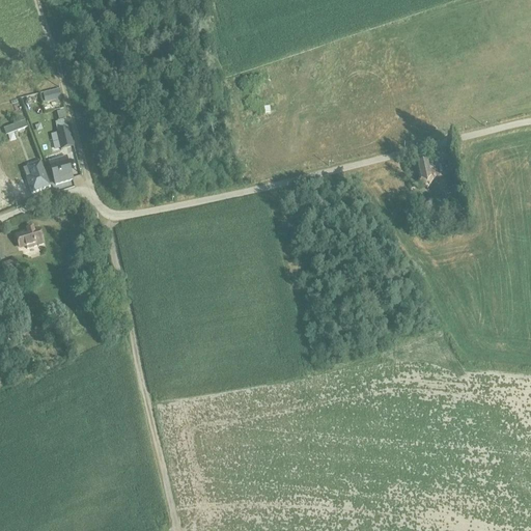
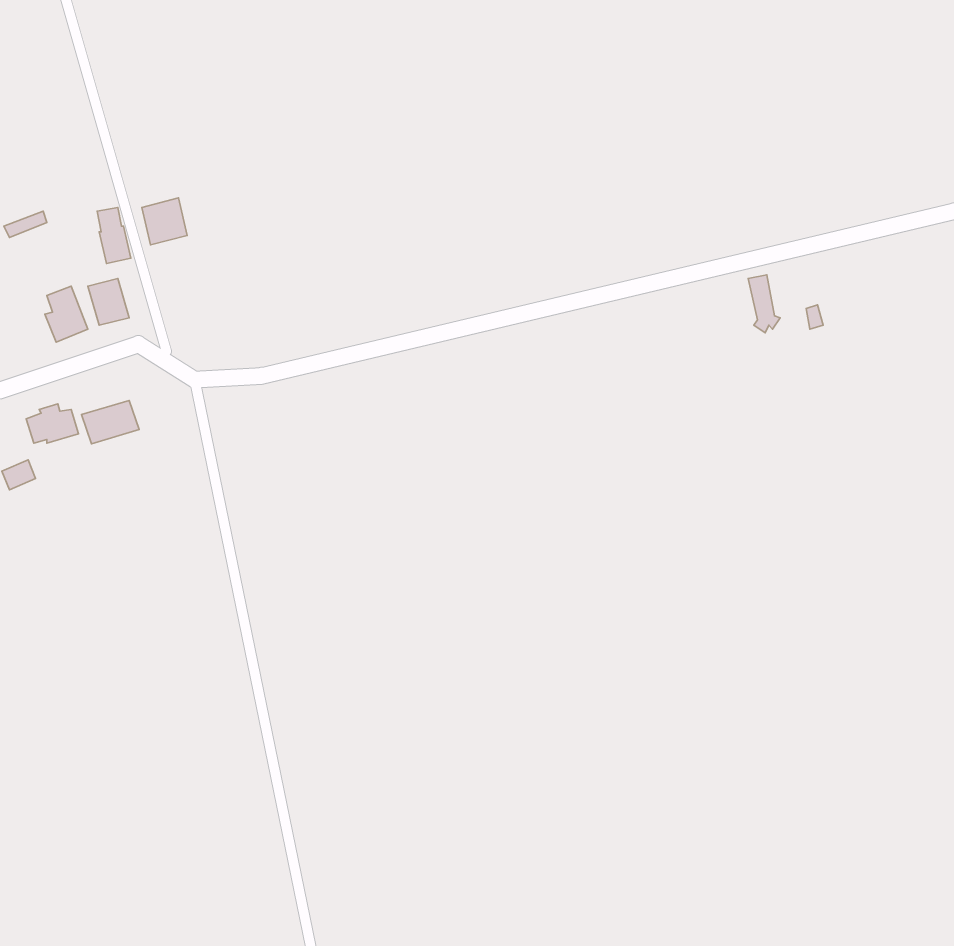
building: none -> [142,198,187,245]
building: none -> [82,400,139,444]

